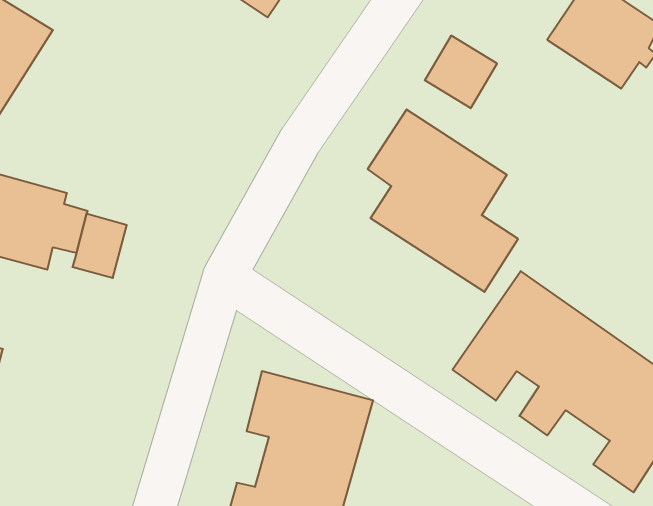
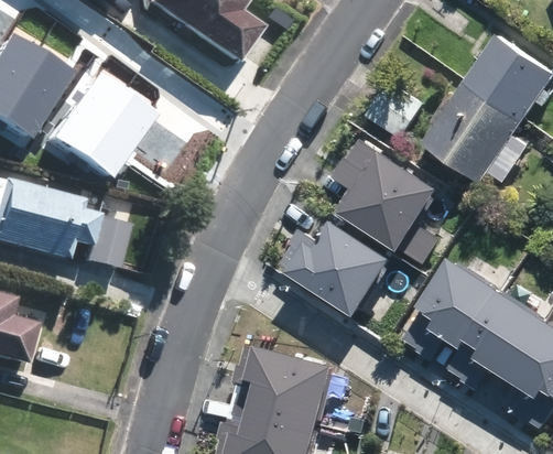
building: none -> [57,67,164,176]
building: none -> [427,77,525,176]
building: none -> [273,223,383,323]

